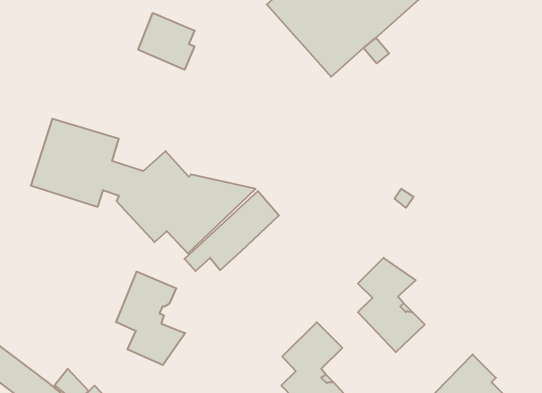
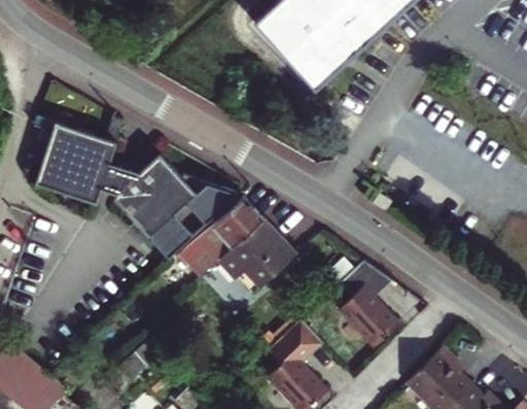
building: [138,13,195,70] -> none
building: none -> [230,218,296,285]
building: [116,272,185,365] -> none

